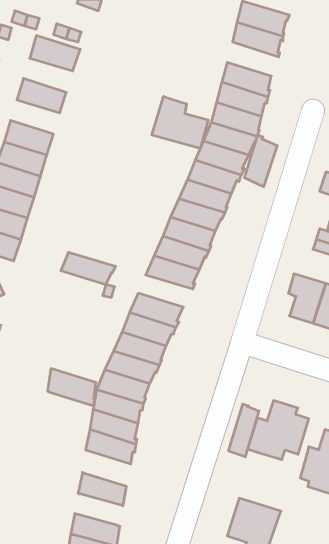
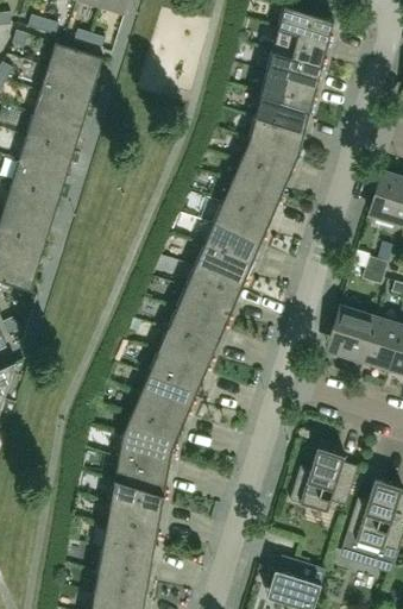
building: none -> [266,49,323,87]
building: none -> [40,67,95,105]
building: [152,96,208,148] -> none
building: none -> [26,113,81,151]
building: [245,135,277,187] -> none
building: [61,252,116,285] -> [168,307,228,343]
building: [48,369,96,405] -> [106,501,159,541]
building: [229,404,259,457] -> none
building: none -> [97,548,151,585]

